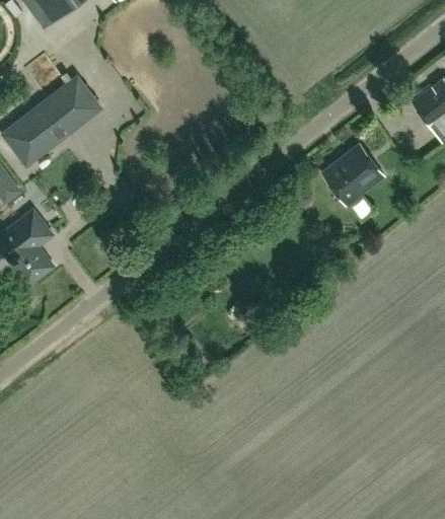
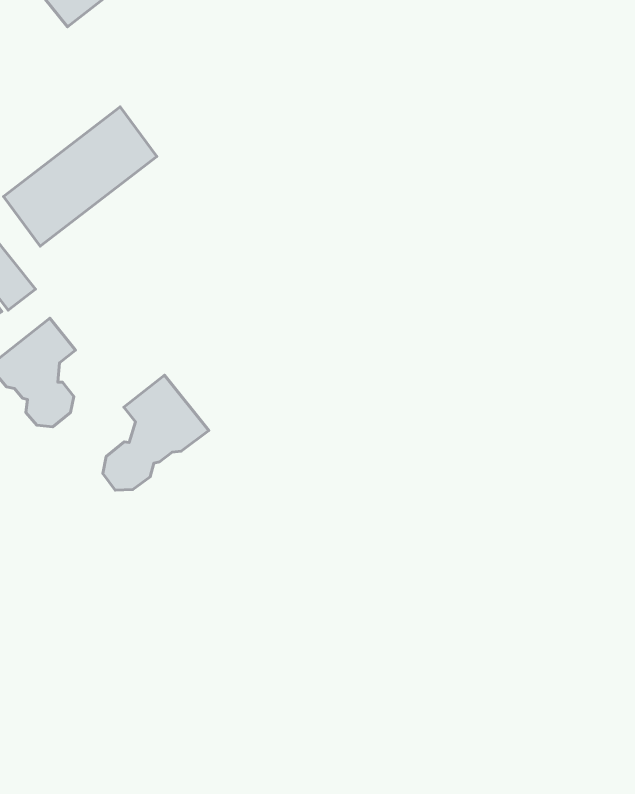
building: [324,146,383,204] -> none
building: none -> [103,375,209,490]

